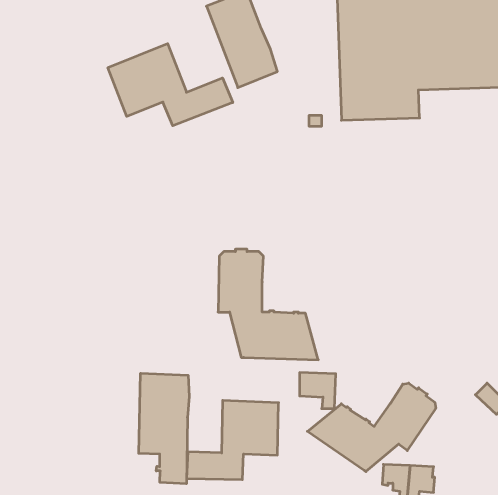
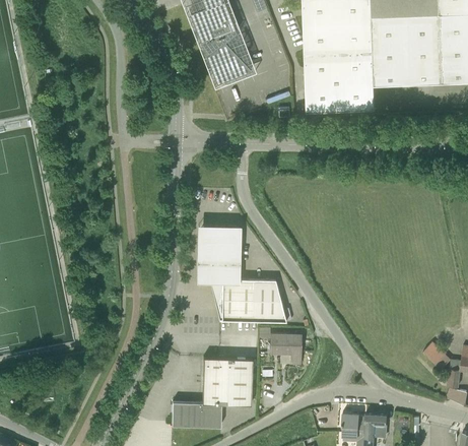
building: [108,44,233,126] -> none
building: [139,373,189,484] -> none
building: [307,383,436,472] -> none

